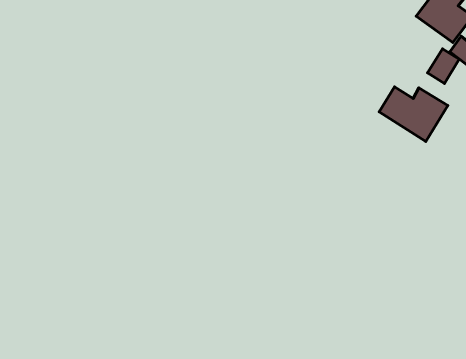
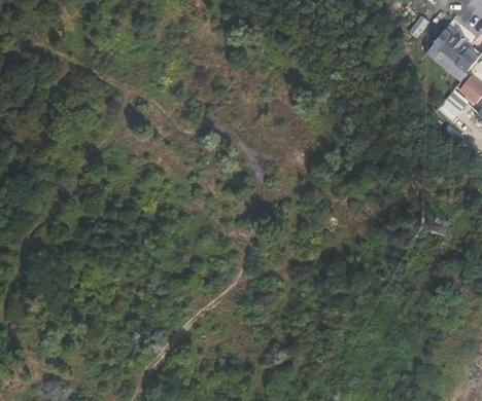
building: [379,87,448,141] -> none

